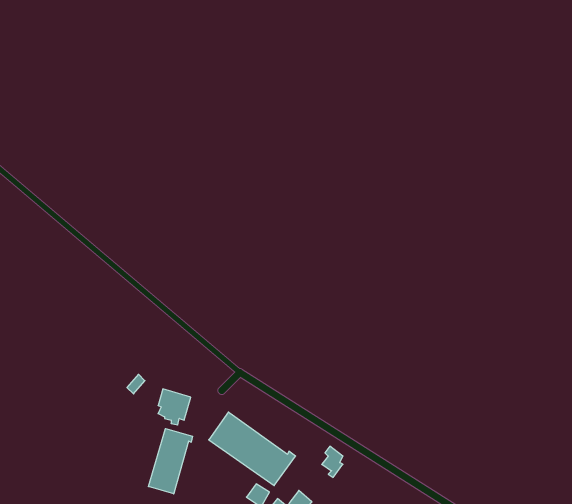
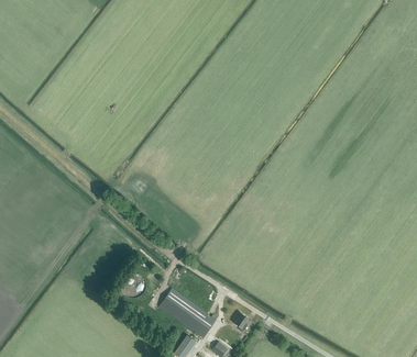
building: [148,429,193,494] -> none

